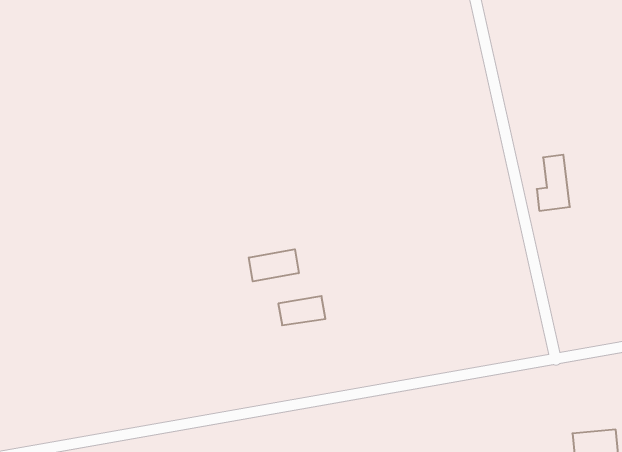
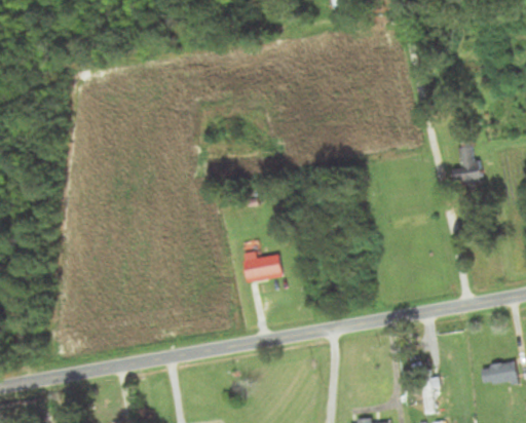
building: [249,249,299,281] -> none

